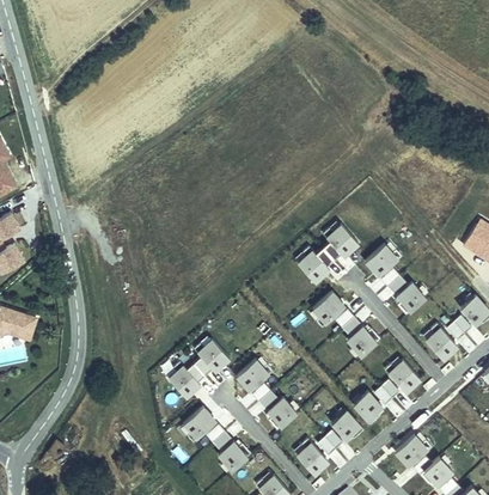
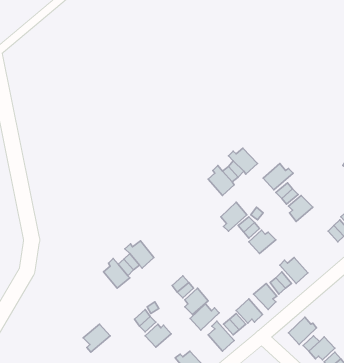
building: [426,323,458,360] -> none
building: [238,360,274,392] -> [190,304,219,330]
building: [184,408,218,442] -> [83,324,110,352]

